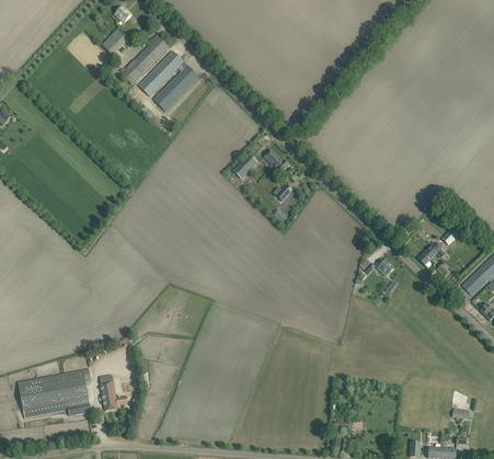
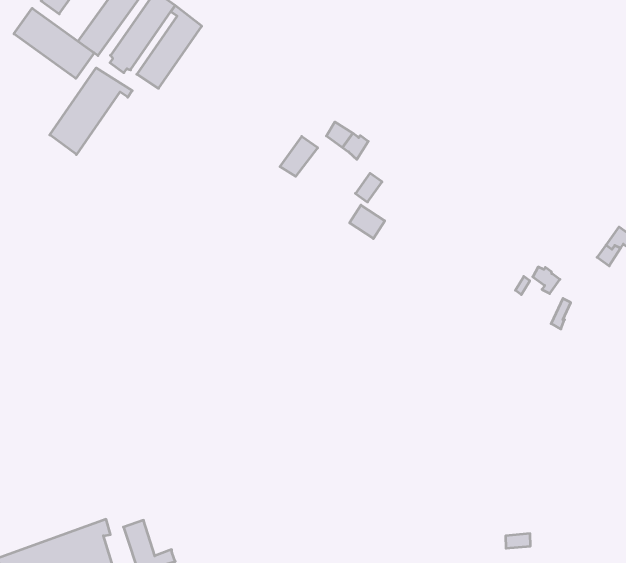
building: none -> [14,8,94,78]
building: none -> [50,68,132,155]

